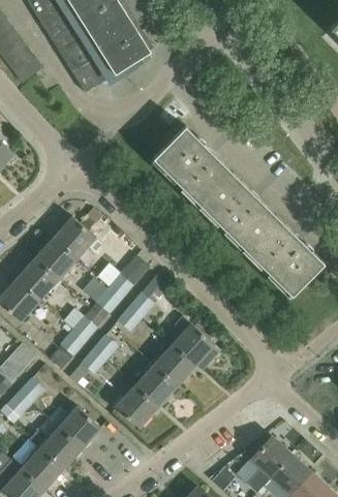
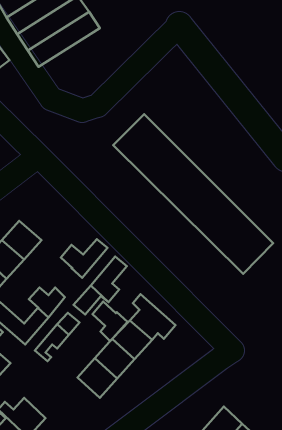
building: [73,33,149,92] -> none
building: [53,217,95,259] -> none
building: [83,278,120,320] -> [93,302,128,341]
building: [58,407,100,449] -> none

